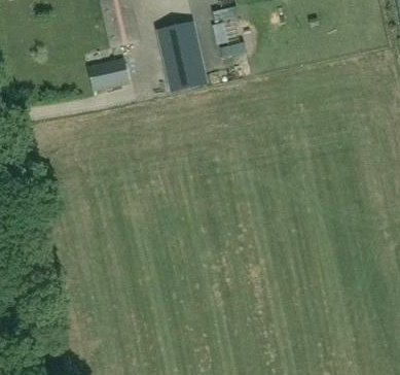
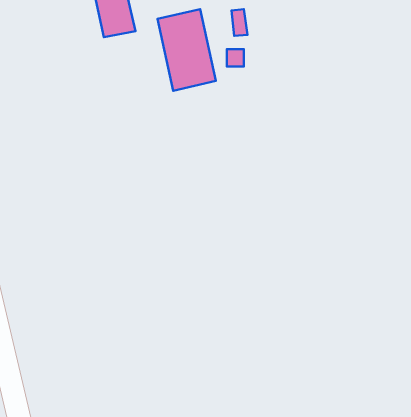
building: [87,59,128,91] -> none

